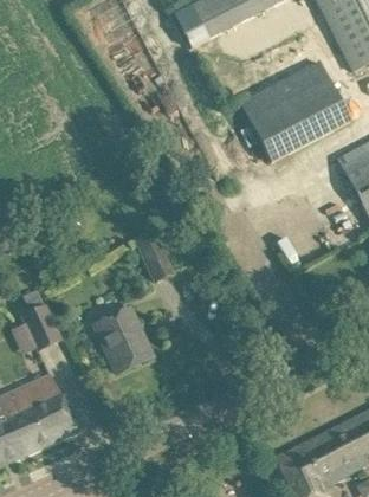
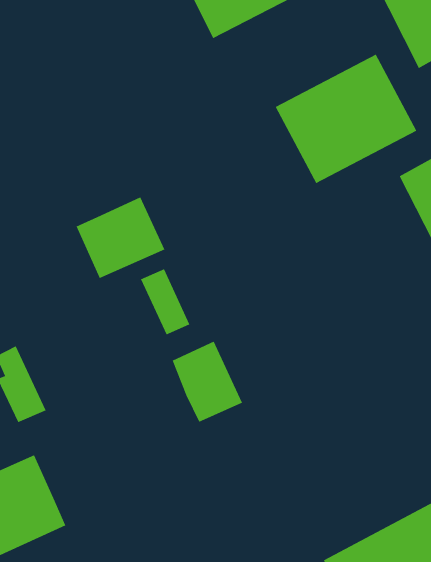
building: none -> [76,197,165,279]
building: [97,308,153,372] -> [172,341,243,422]

